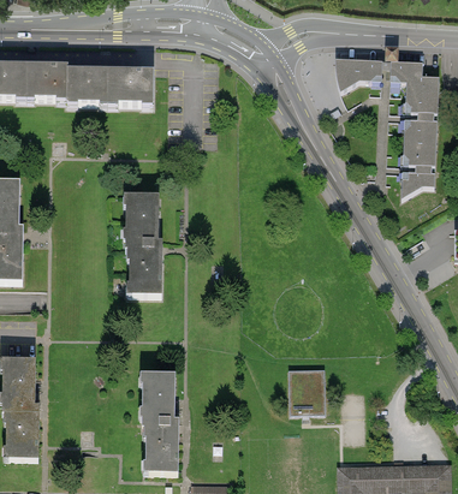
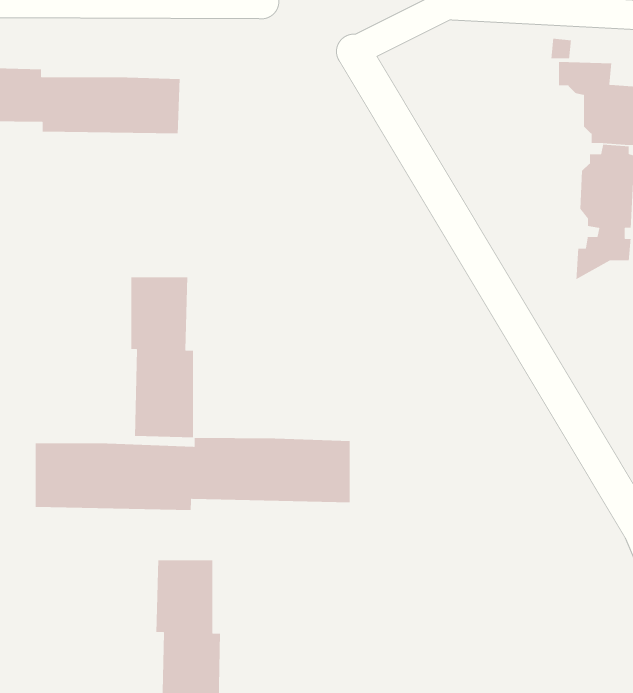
building: [337,60,383,94] -> none
building: none -> [35,437,351,511]
building: [287,369,325,415] -> none

